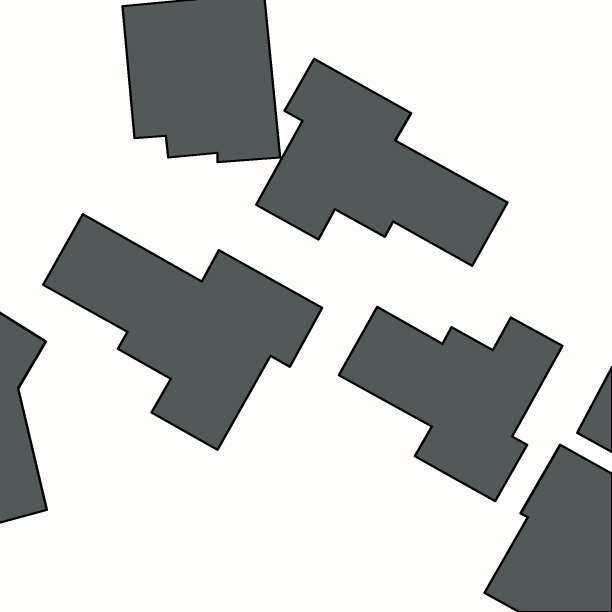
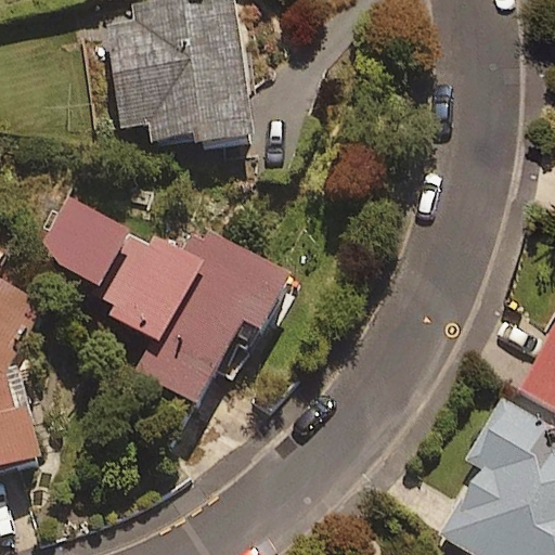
building: [256,59,508,266] -> none
building: [339,307,562,501] -> none

